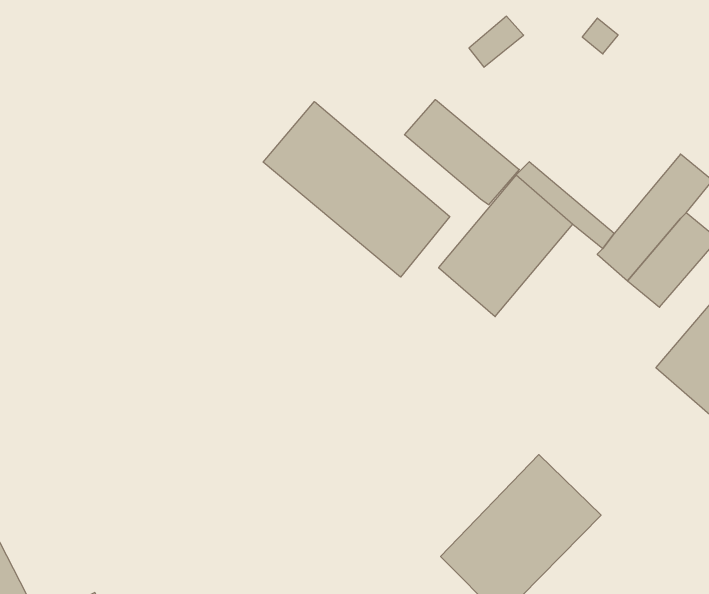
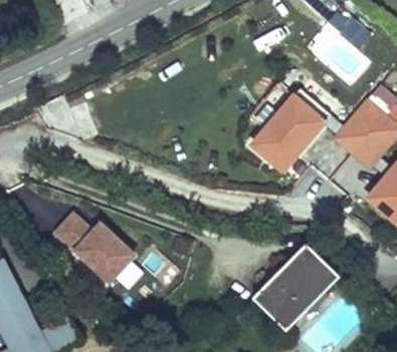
building: [405,100,519,205] -> none
building: [263,102,450,277] -> none
building: none -> [55,214,134,282]

